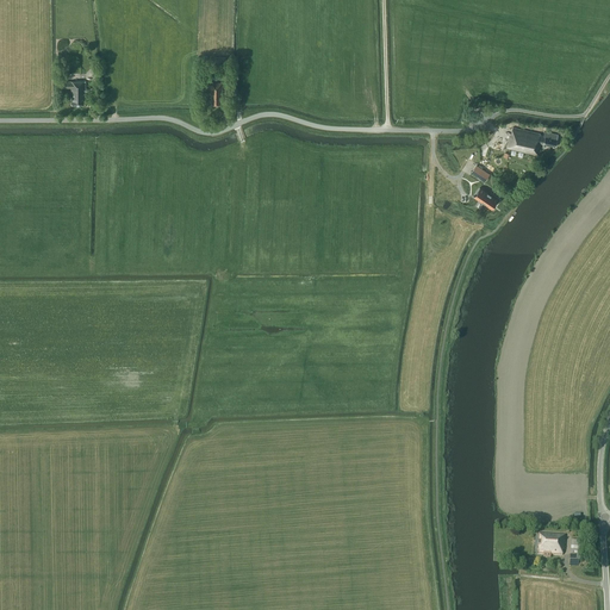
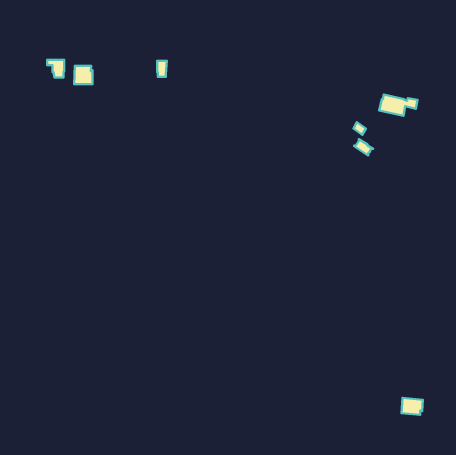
building: none -> [74,66,92,84]

